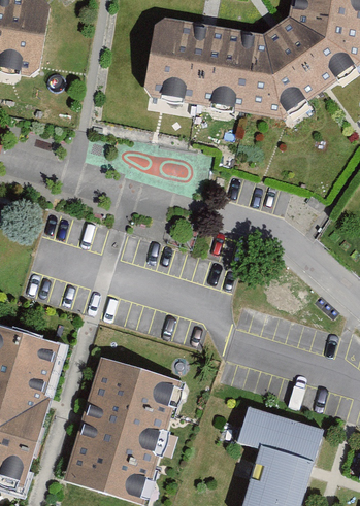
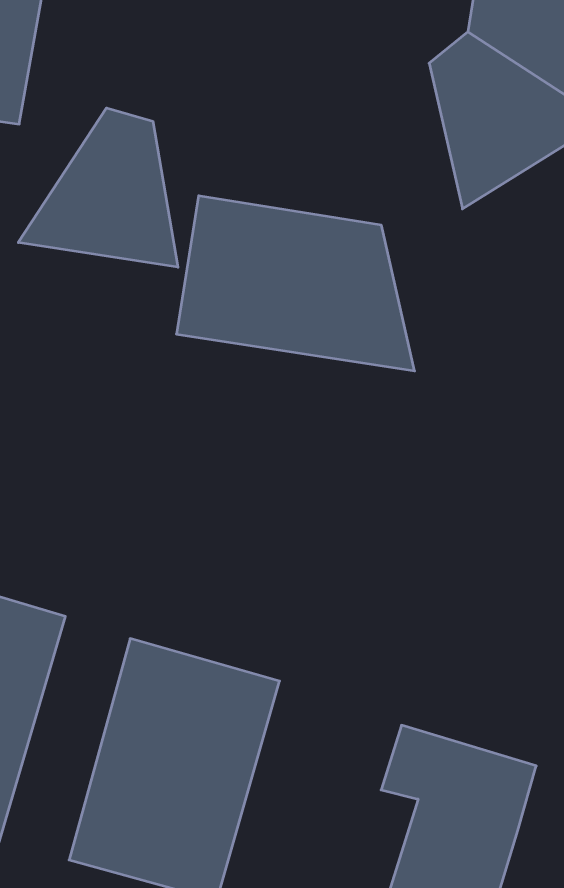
building: [148,20,281,117] -> [176,196,415,371]
building: none -> [18,108,178,267]

